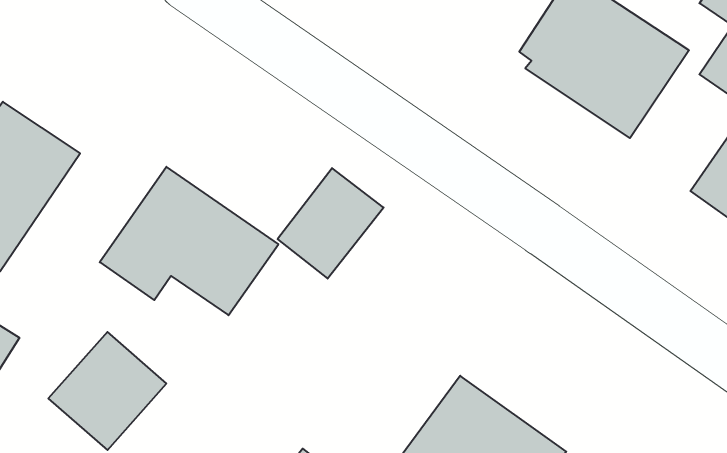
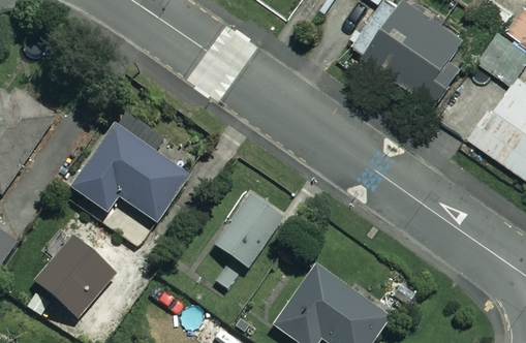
building: [278,168,384,279] -> [212,192,284,268]

